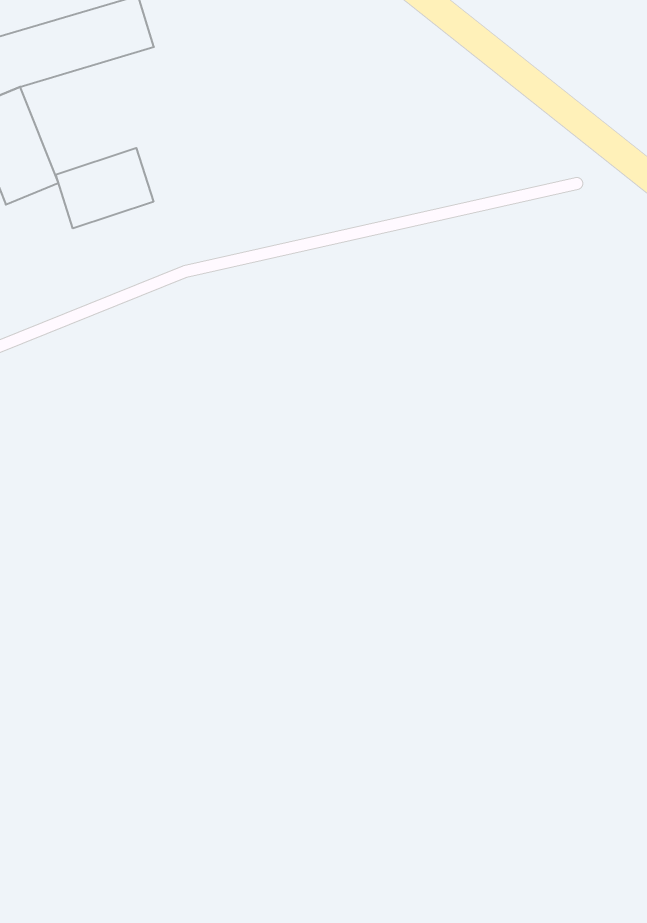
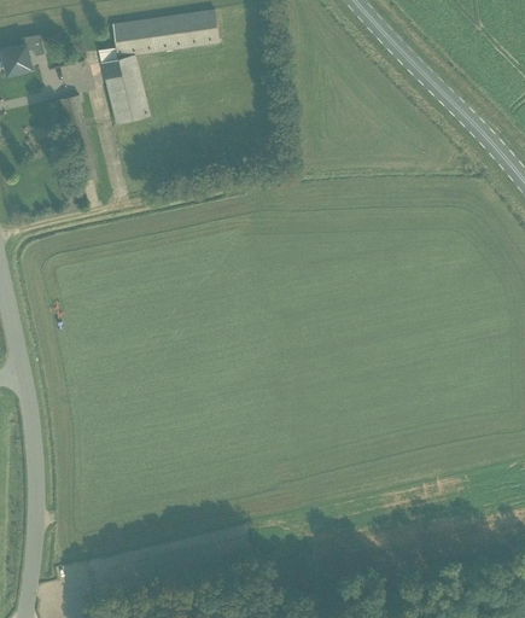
building: [56,148,153,228] -> none

